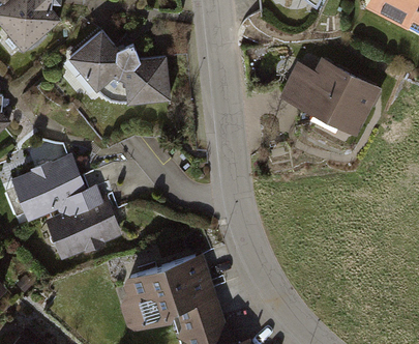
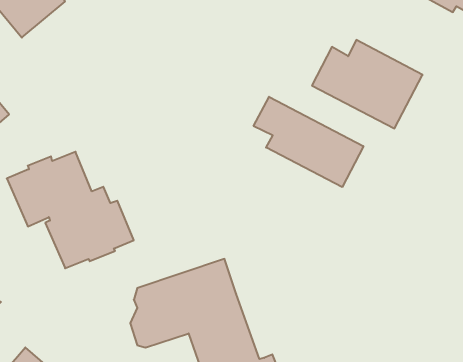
building: [65,29,170,105] -> none
building: none -> [254,97,363,187]

